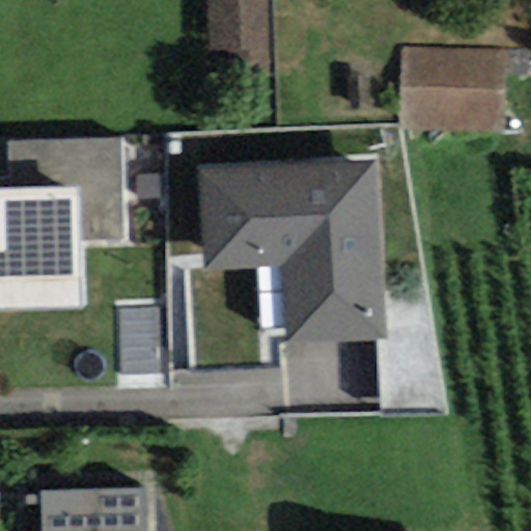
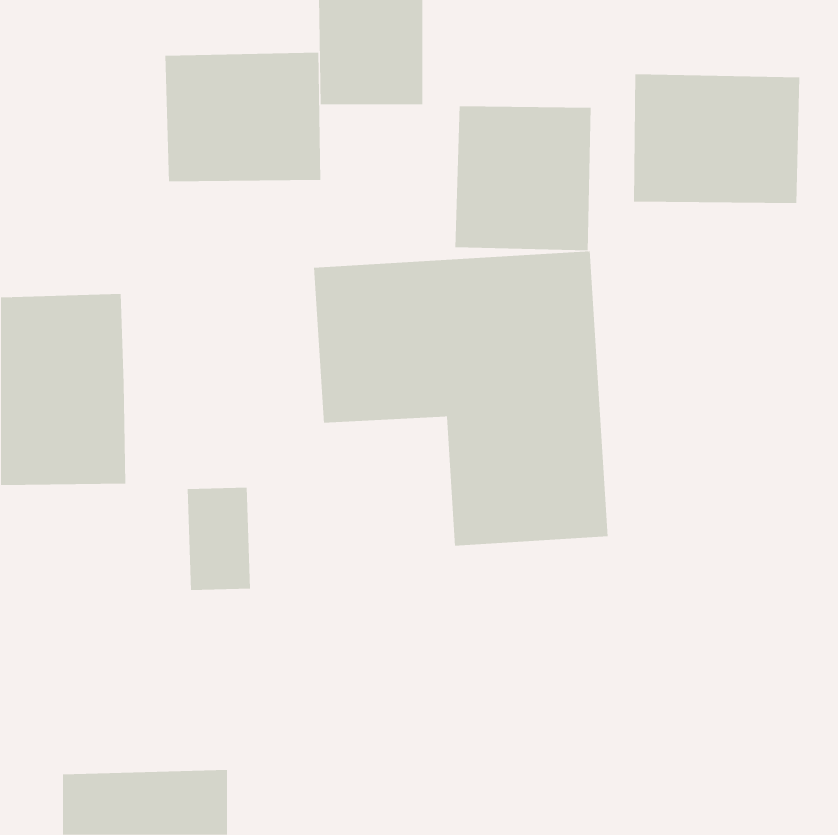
building: none -> [165,52,321,182]
building: none -> [455,105,591,251]
building: [6,138,127,243] -> none

